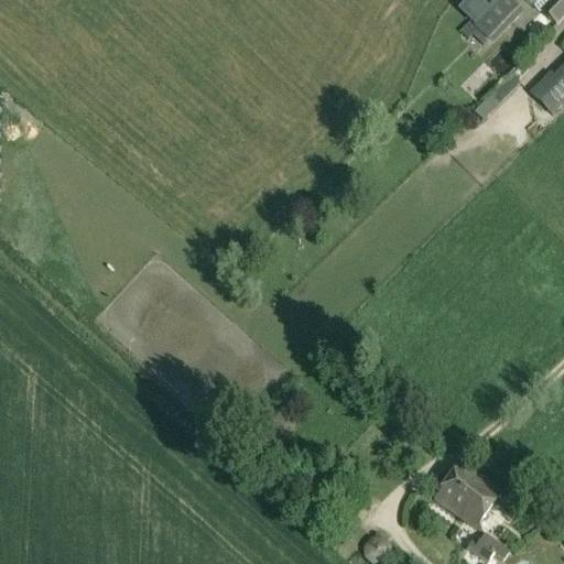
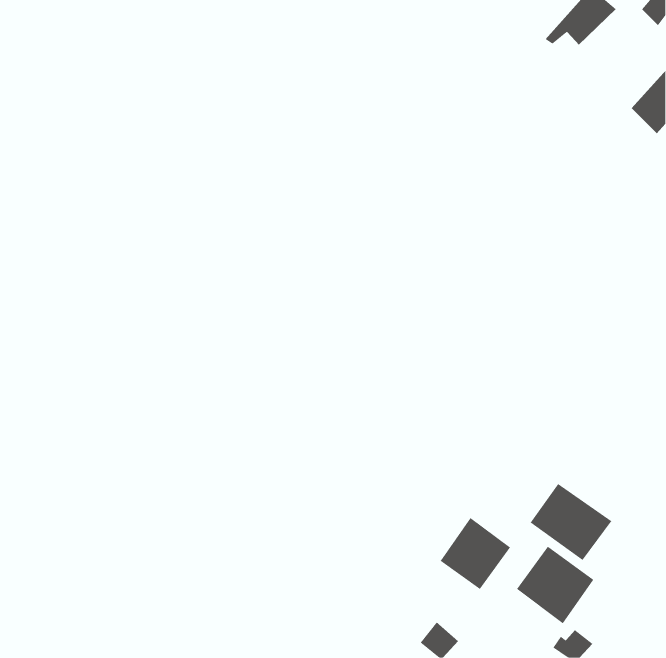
building: none -> [530,483,612,561]
building: none -> [440,517,511,590]

